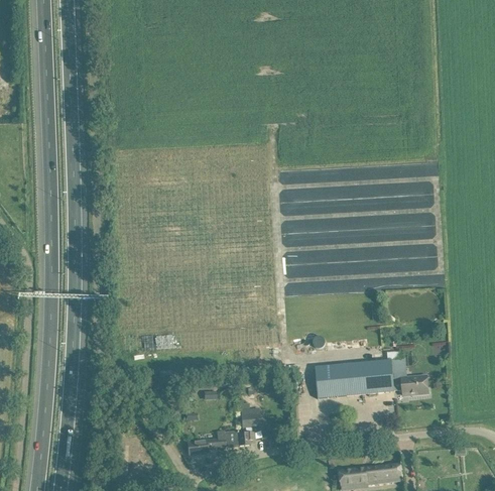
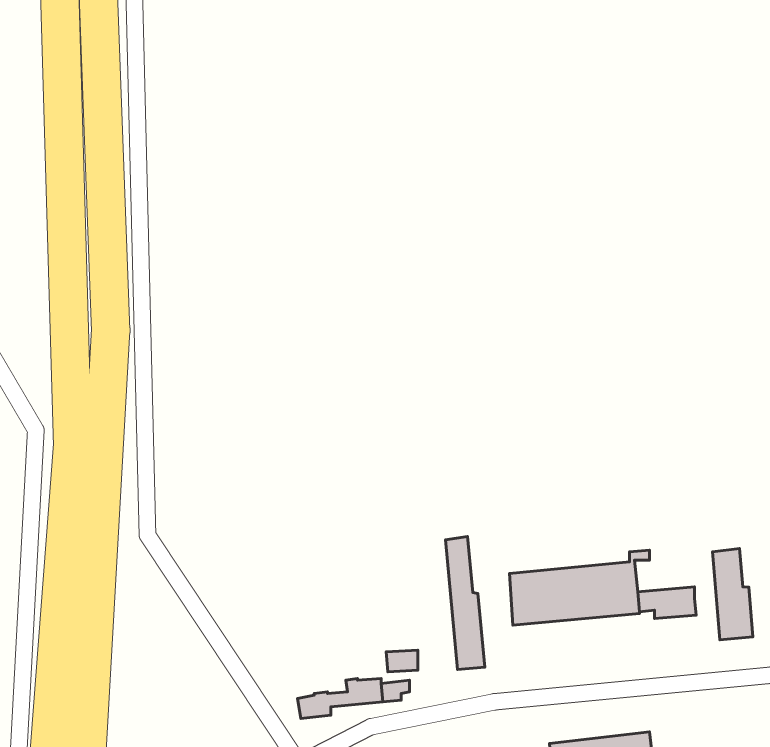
building: none -> [445,536,485,670]
building: none -> [713,549,753,640]

